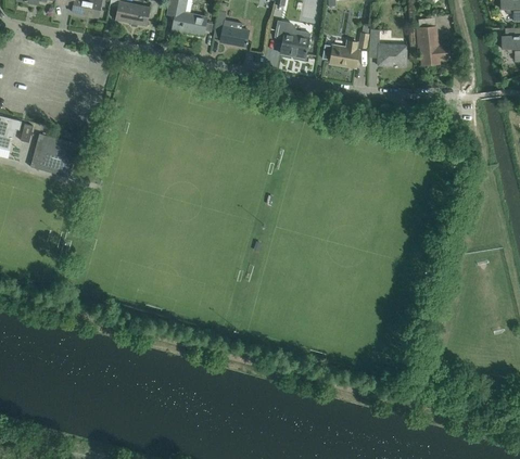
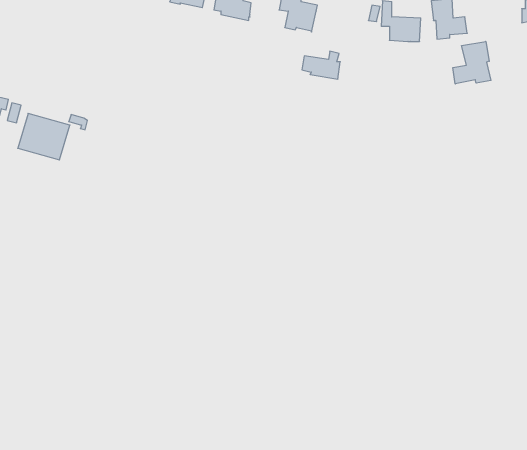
building: [322,40,358,66] -> [302,51,340,79]
building: none -> [453,41,491,84]

